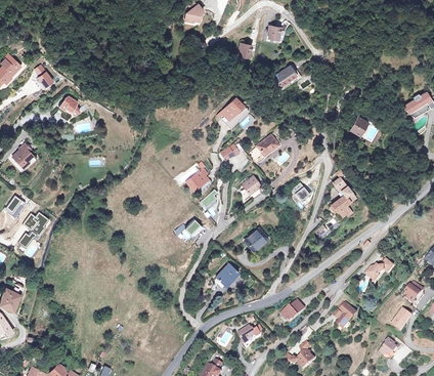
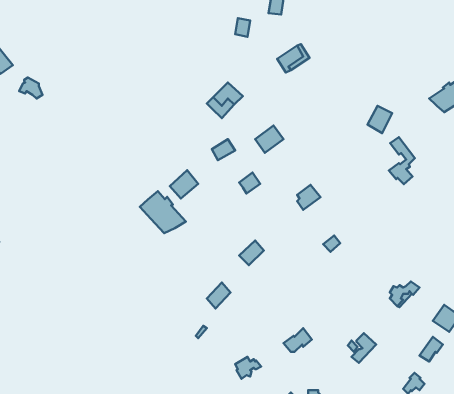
building: [328,175,349,214] -> [389,137,415,184]
building: none -> [140,191,186,233]

